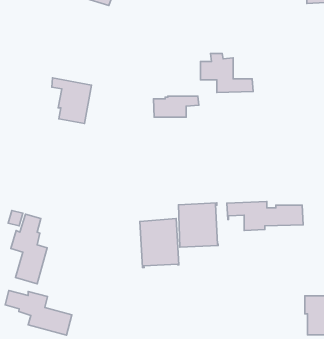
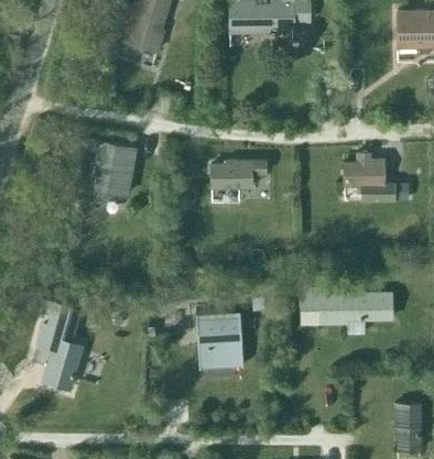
building: [200,53,253,92] -> [344,154,408,201]
building: [178,203,218,247] -> none
building: [5,290,72,335] -> none

